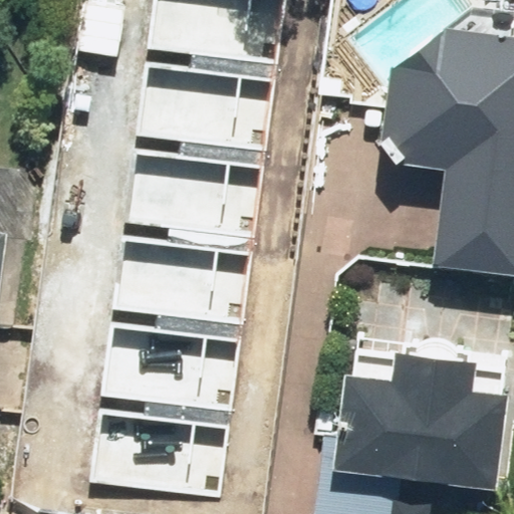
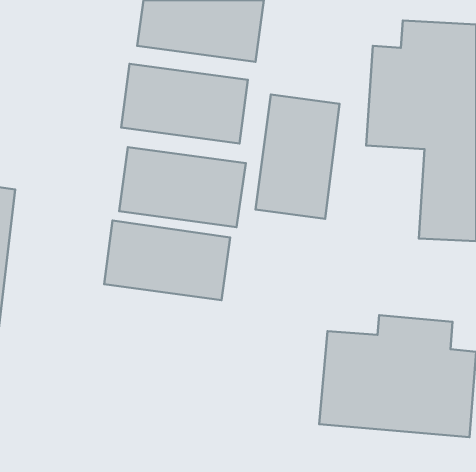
building: none -> [255,94,340,219]
building: [93,333,229,419] -> none
building: [87,417,223,502] -> none

